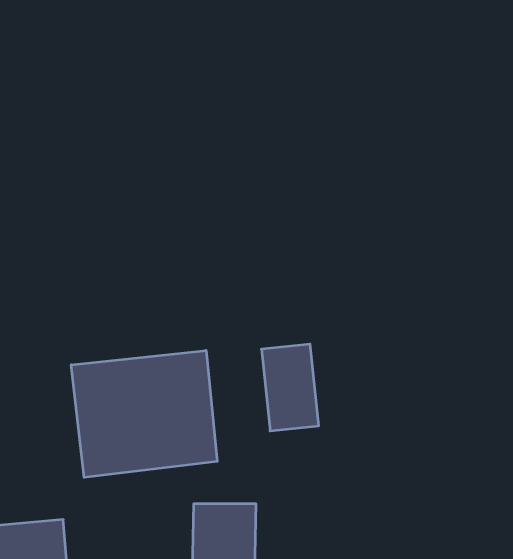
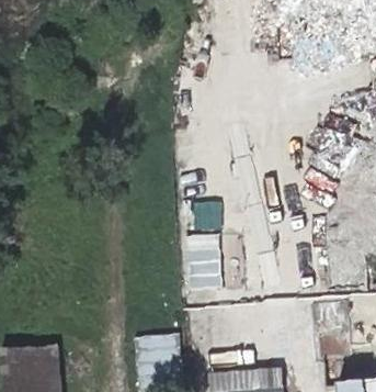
building: [71,350,217,477] -> none

